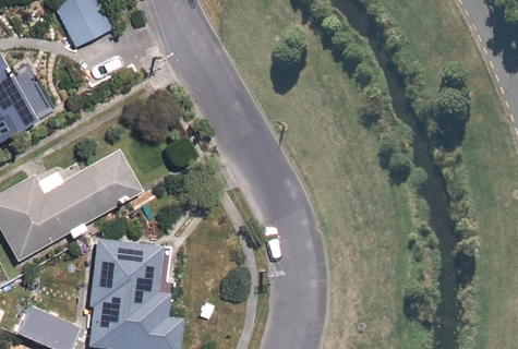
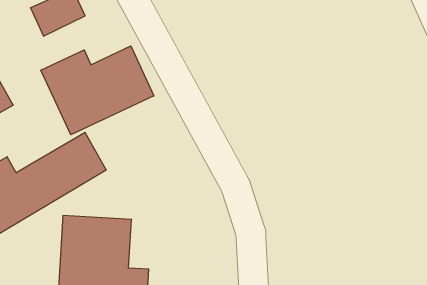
building: none -> [41,46,154,135]

